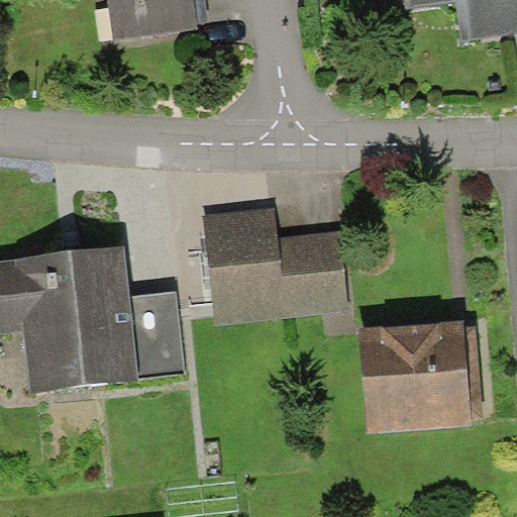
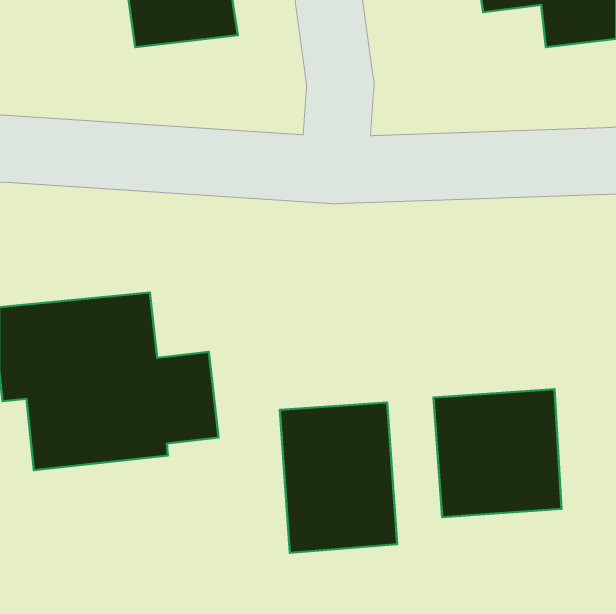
building: [202,206,348,325] -> none
building: none -> [280,403,397,553]

